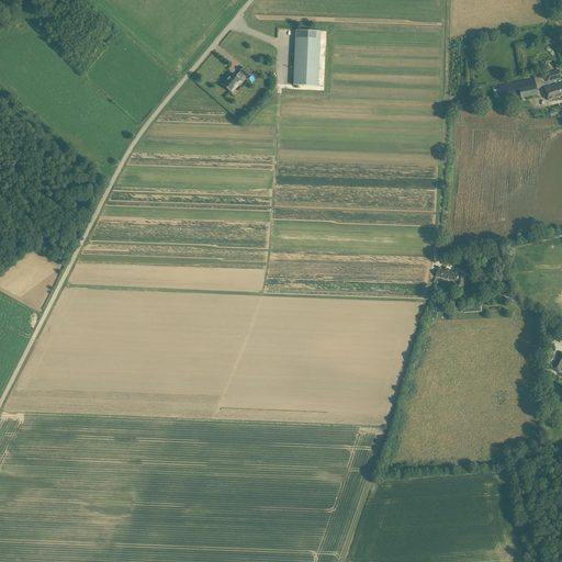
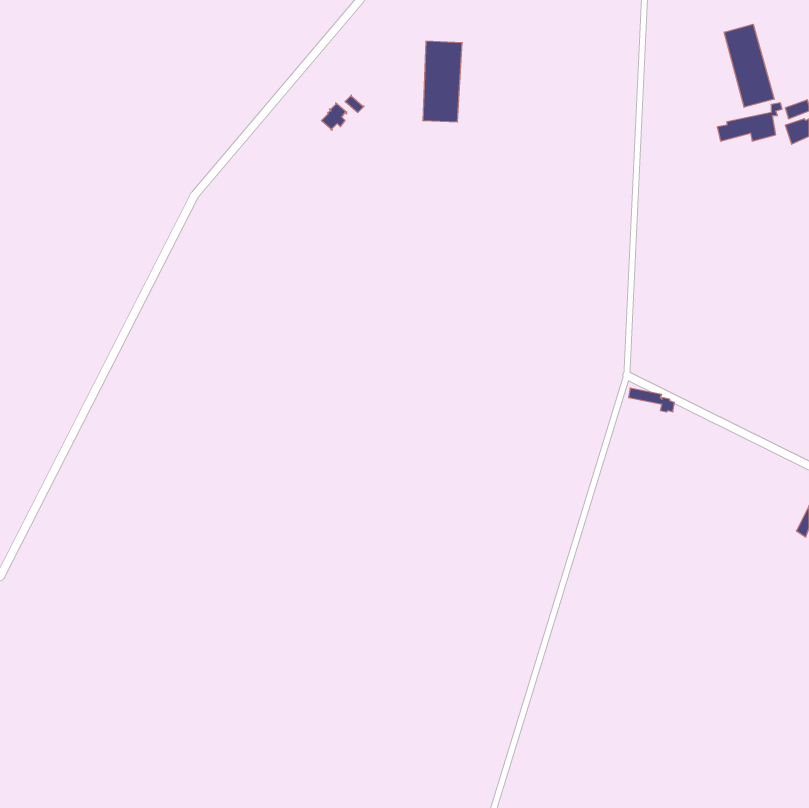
building: none -> [724,24,774,107]

